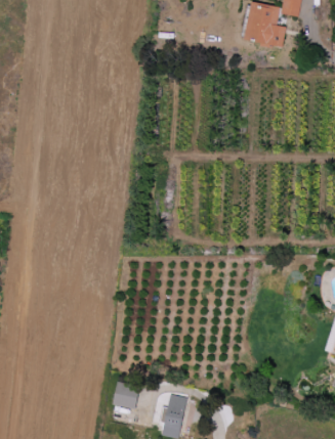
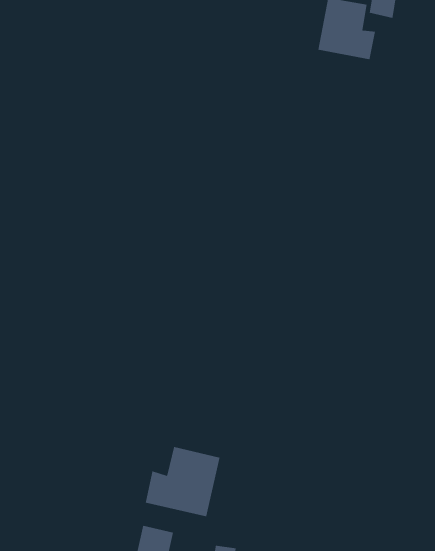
building: none -> [145,446,220,517]

